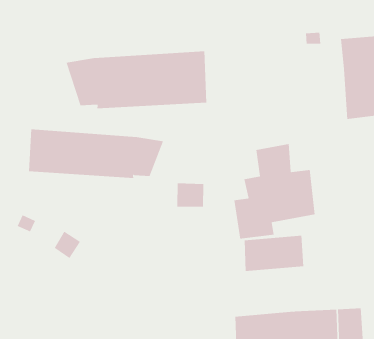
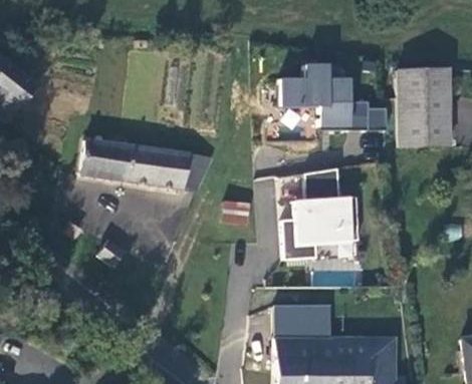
building: none -> [280,62,386,130]
building: [66,50,207,109] -> none
building: [244,235,304,272] -> [272,304,331,336]

